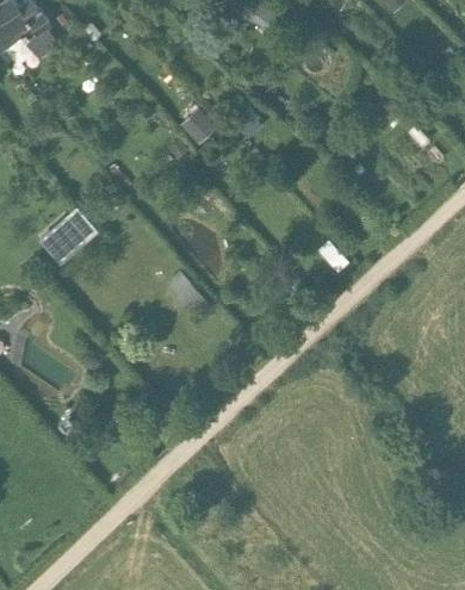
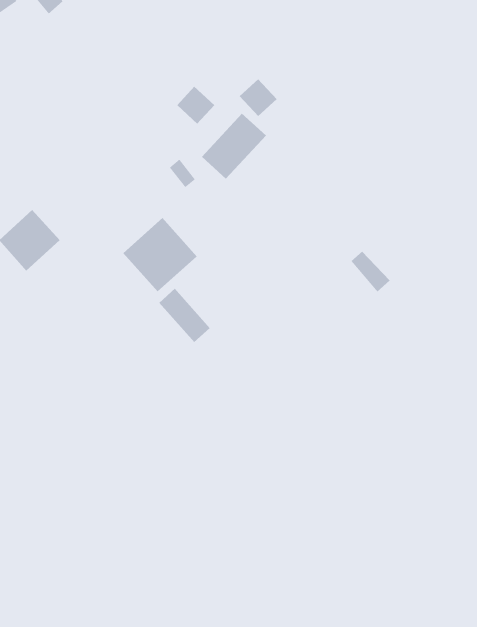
building: none -> [201,113,267,179]
building: none -> [123,217,197,292]

